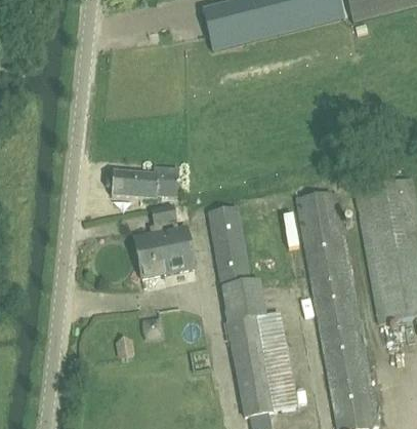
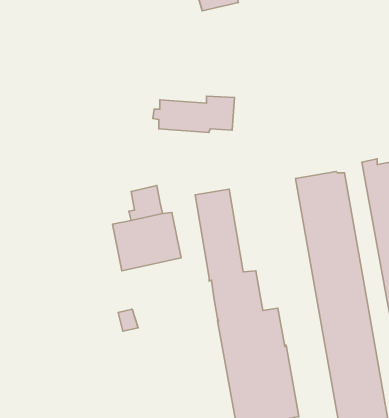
building: [107,165,178,197] -> [153,96,235,132]

